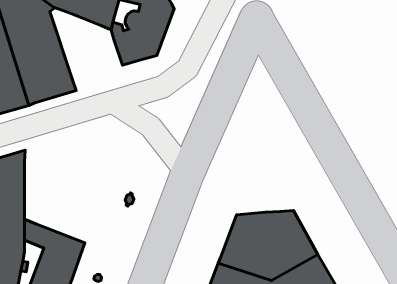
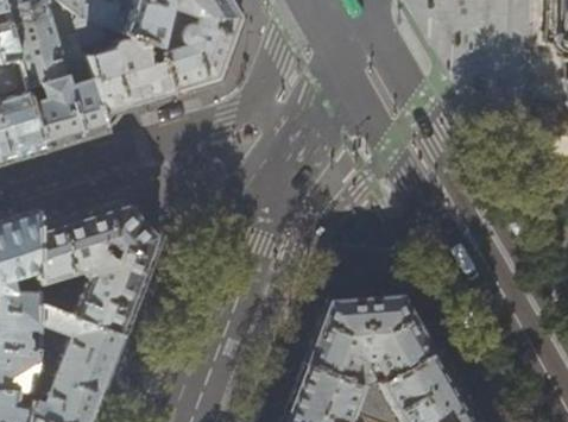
building: none -> [76,19,175,132]
building: none -> [42,202,163,339]

